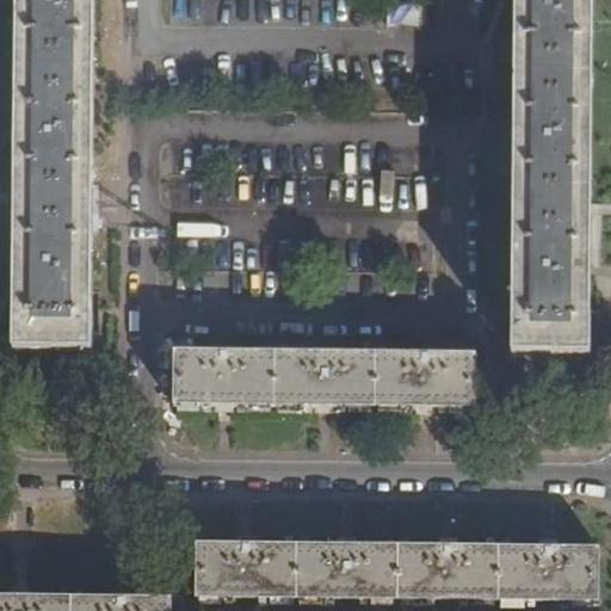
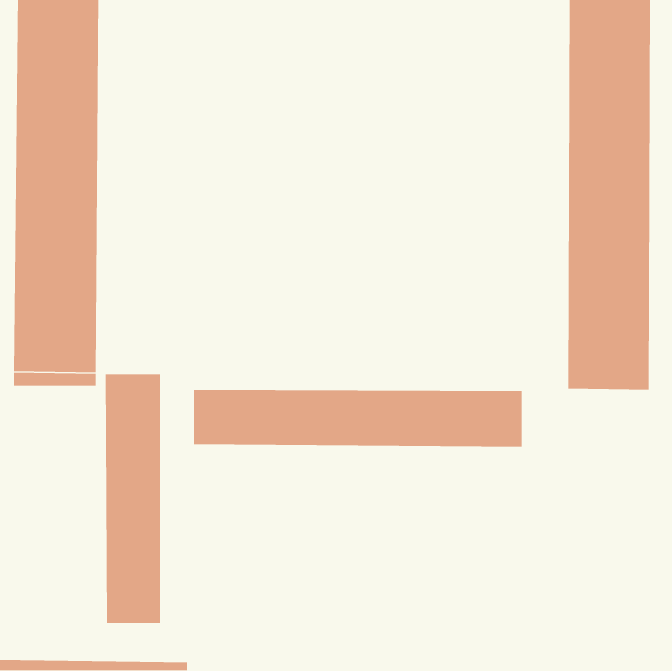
building: none -> [105,373,161,624]
building: [195,541,597,597] -> none

